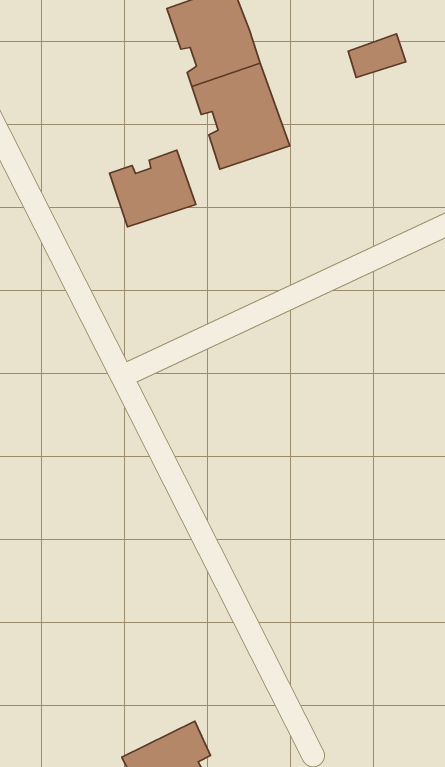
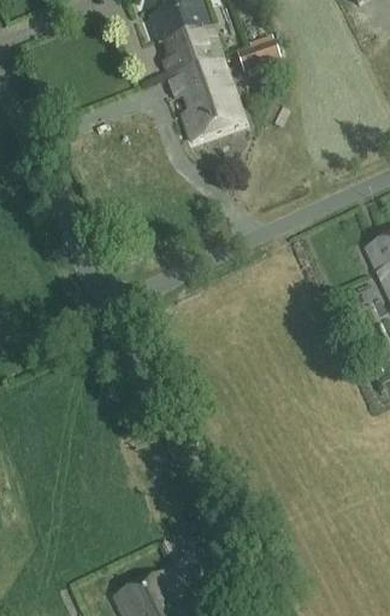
building: [348,34,406,78] -> [238,37,283,71]
building: [109,150,196,227] -> none

